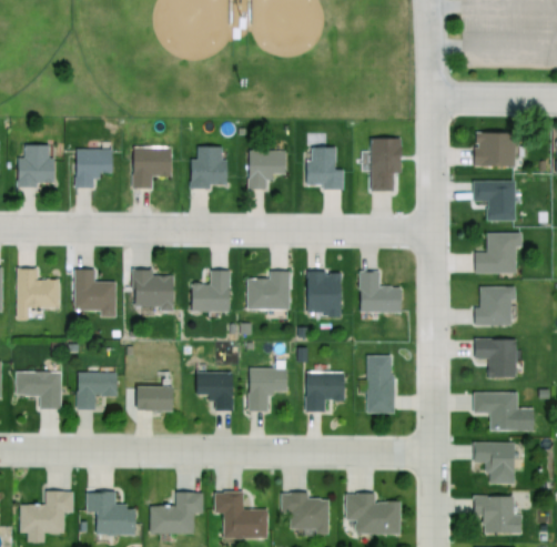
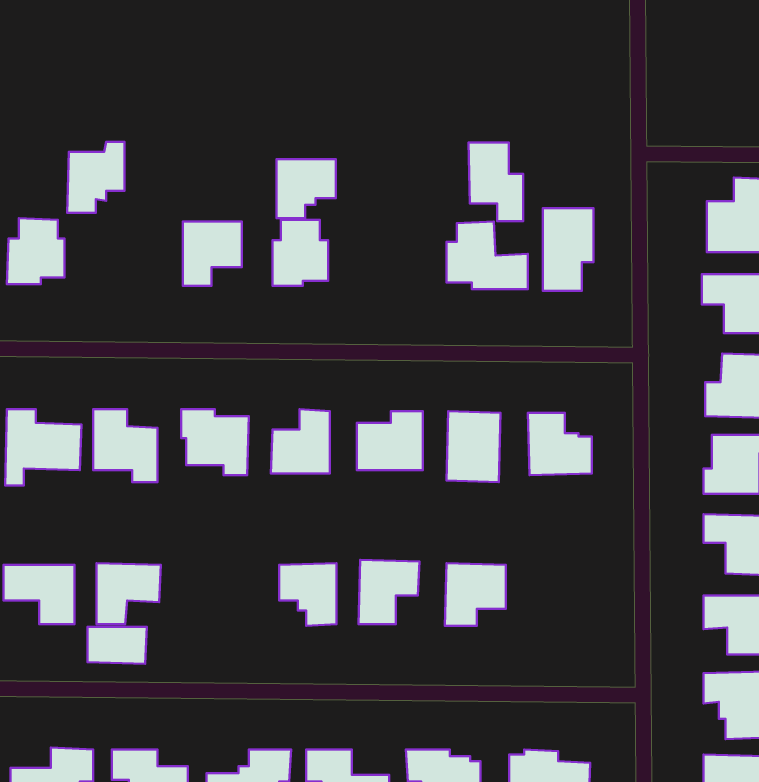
building: none -> [468,143,523,221]
building: [74,141,112,188] -> [67,142,125,213]
building: [247,150,286,189] -> [277,159,336,218]
building: [365,357,394,415] -> none
building: [134,386,173,411] -> [88,627,147,664]

